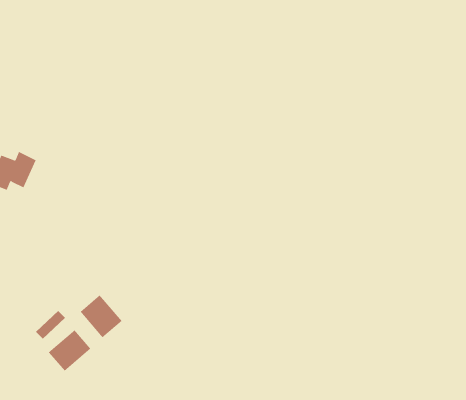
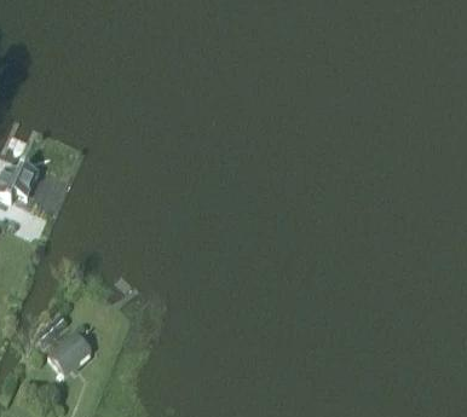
building: [80,295,122,338] -> none

